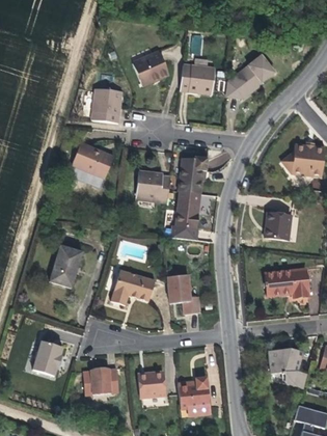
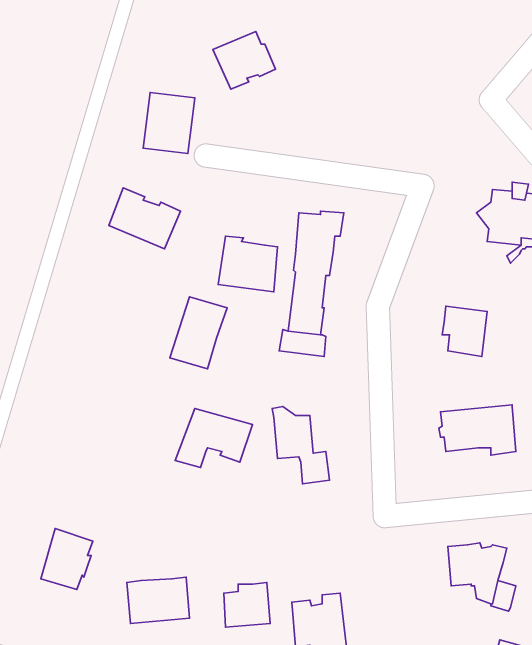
building: [226,55,274,98] -> none
building: [180,63,214,93] -> none
building: [49,245,82,287] -> [170,297,227,369]

